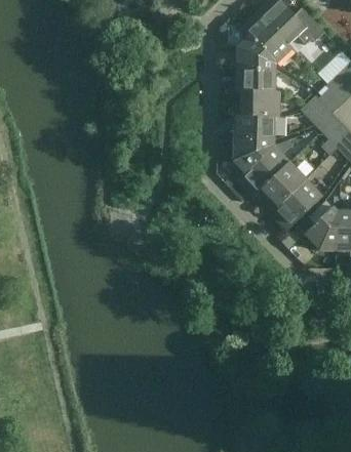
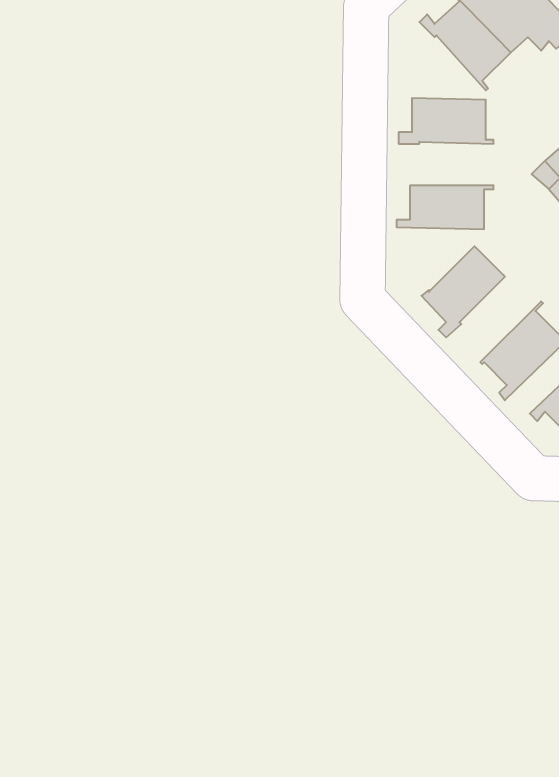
building: [230,32,276,67] -> none
building: [233,89,280,113] -> none
building: [228,135,275,170] -> none
building: [262,158,306,208] -> none

